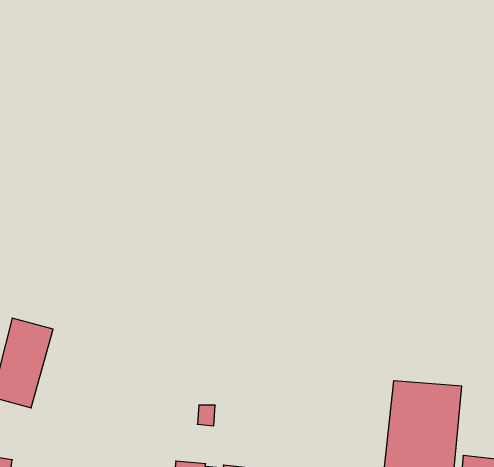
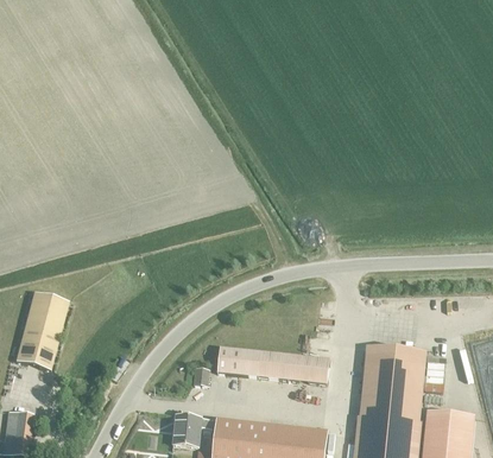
building: none -> [220,346,330,382]

